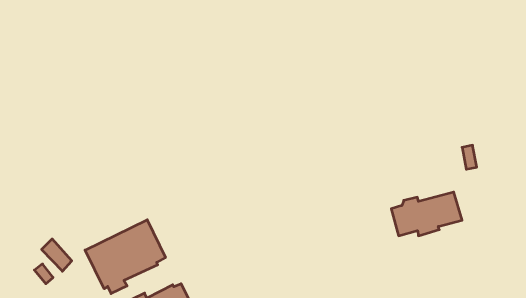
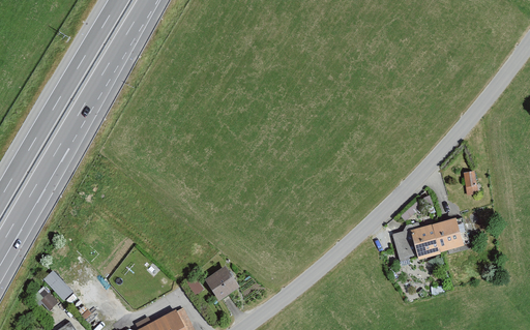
building: [85,220,165,294] -> none
building: none -> [204,266,239,300]

